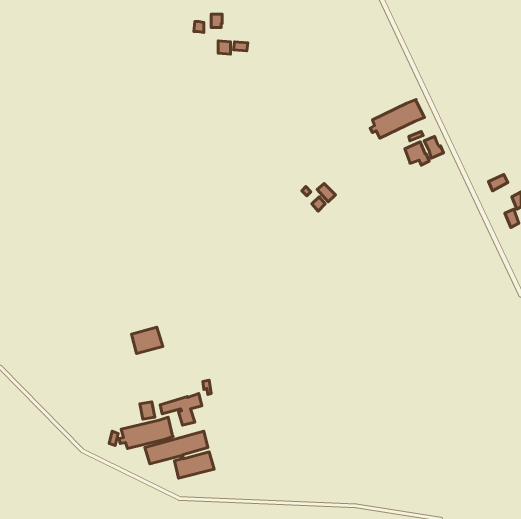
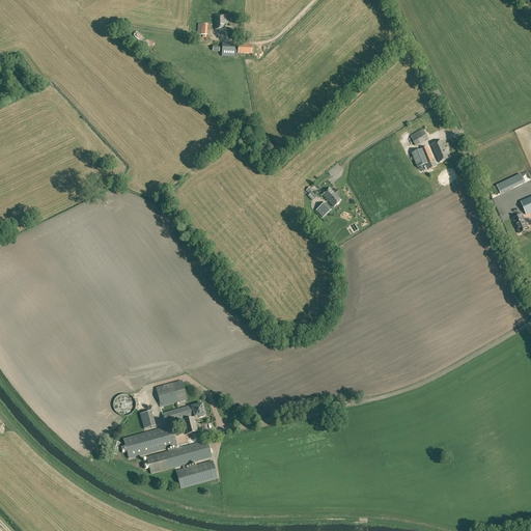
building: [370,100,424,138] -> none
building: [131,327,163,354] -> [156,379,188,406]

